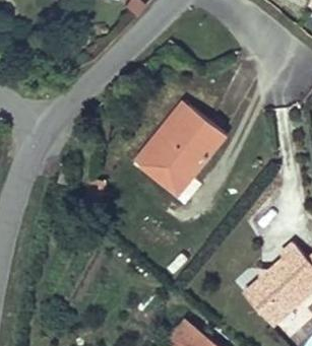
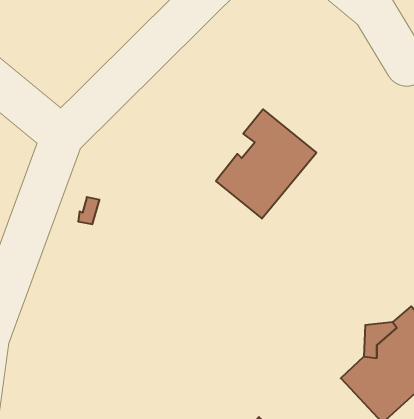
building: [137,100,190,194] -> none

